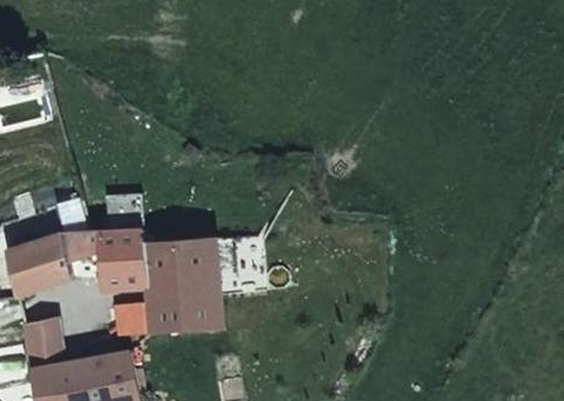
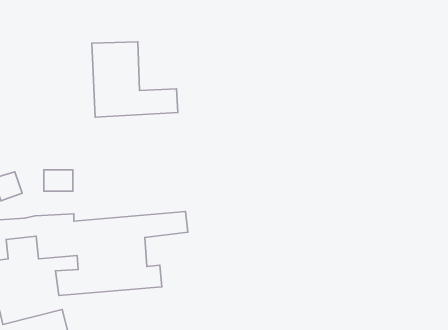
building: none -> [92,42,178,117]

